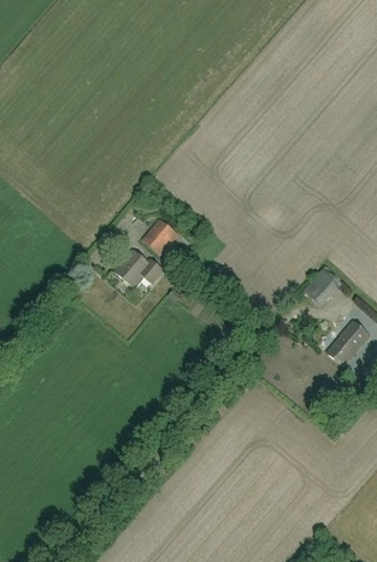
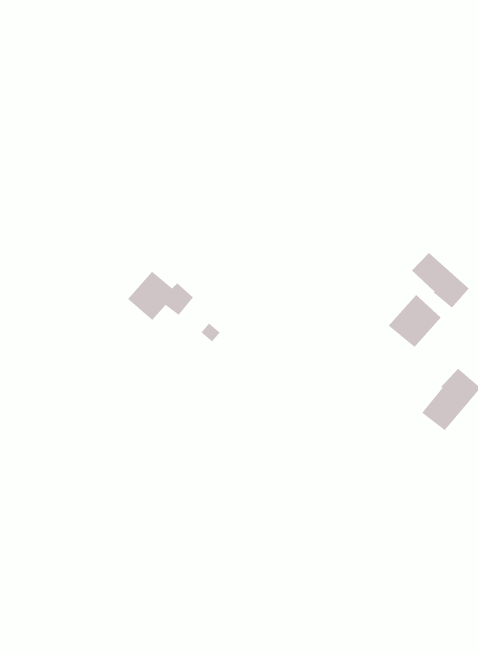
building: [140,217,177,254] -> none
building: none -> [411,252,469,308]

